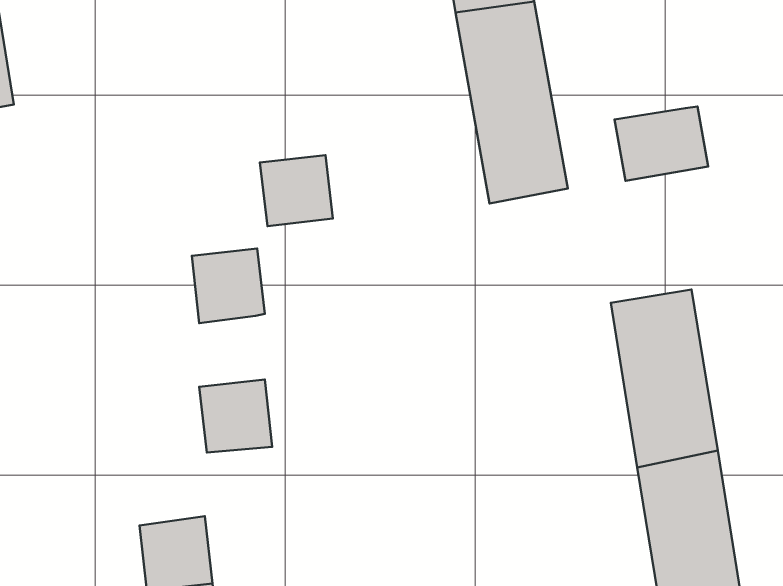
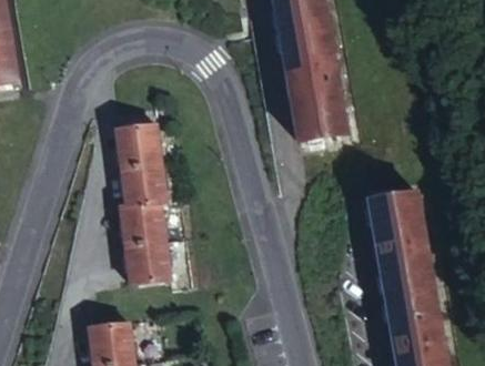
building: [614,107,708,181] -> none
building: [260,155,333,226] -> [118,128,161,170]
building: none -> [122,205,165,247]

